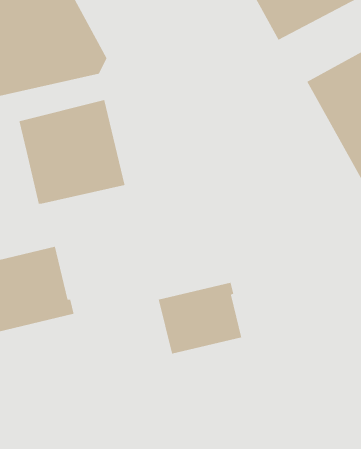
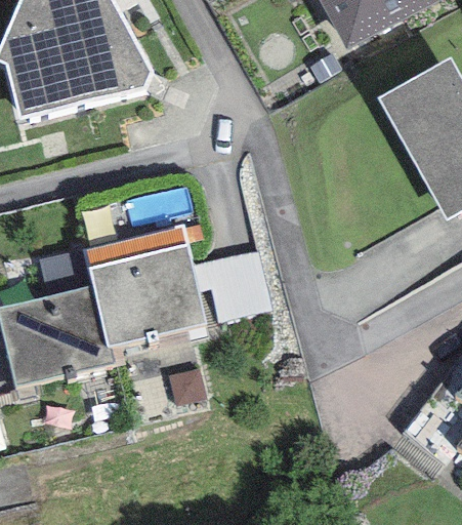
building: [19,99,125,204] -> [84,225,206,345]
building: [158,282,242,355] -> none

